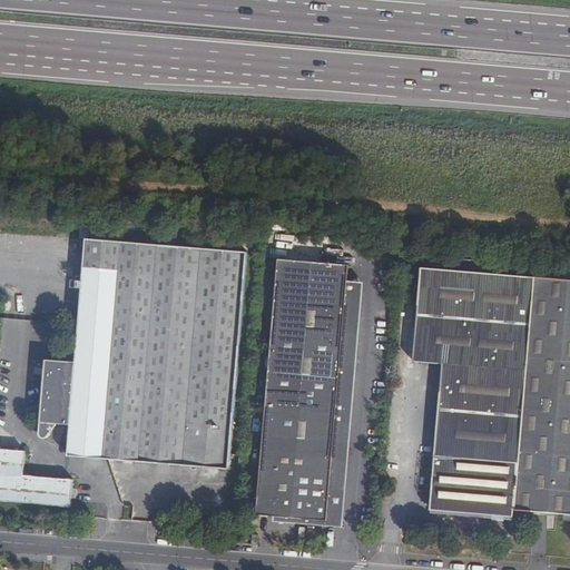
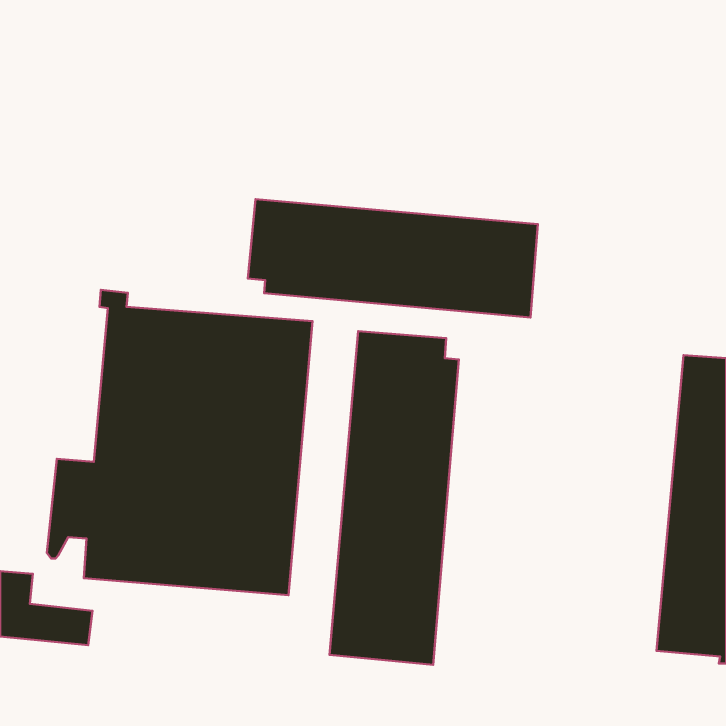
building: none -> [248,199,538,317]
building: [413,267,535,517] -> none

